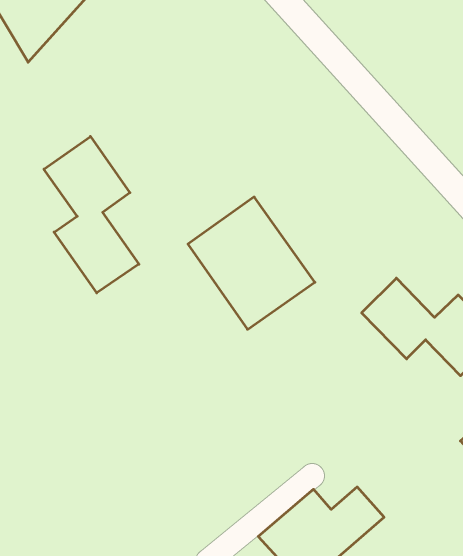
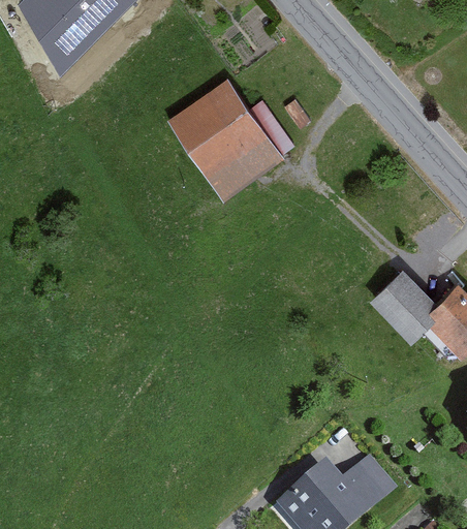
building: [44,136,139,293] -> none
building: [188,197,315,329] -> [167,79,284,200]

